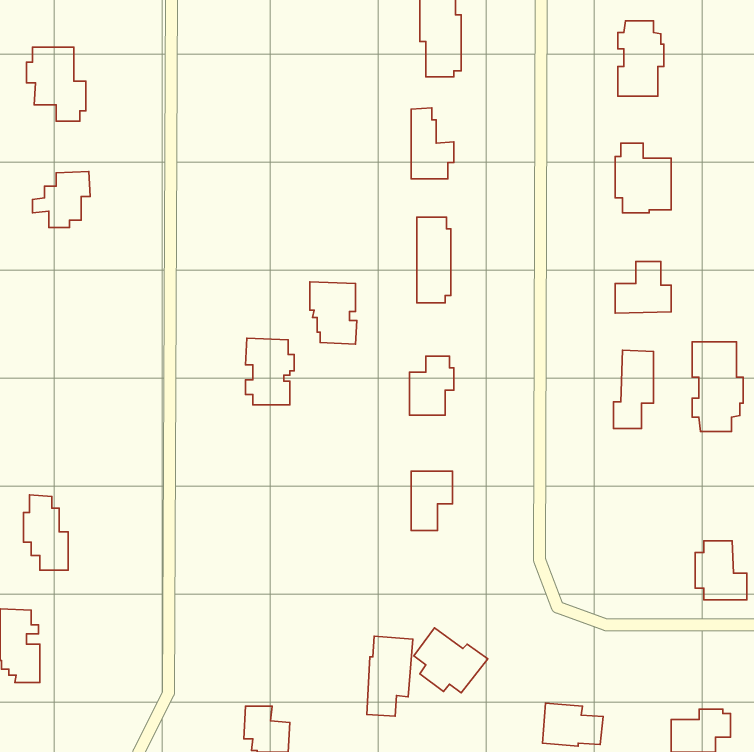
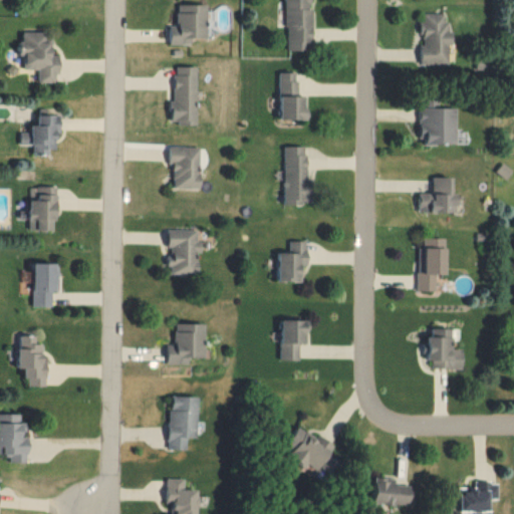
building: none -> [169,4,209,45]
building: none -> [171,67,197,125]
building: none -> [29,187,59,231]
building: [310,282,357,344] -> [170,147,202,189]
building: [692,342,743,431] -> none
building: none -> [32,264,59,308]
building: none -> [168,323,205,363]
building: [695,541,747,600] -> [426,328,461,368]
building: [367,636,413,716] -> [168,397,199,451]

